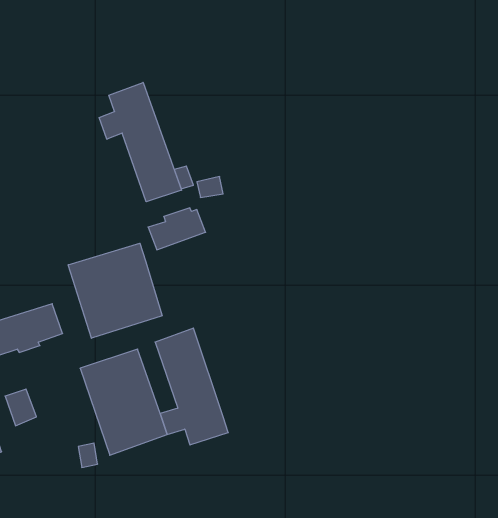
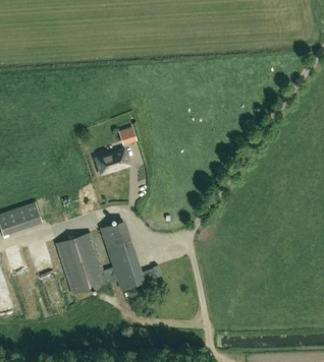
building: [99,82,182,202] -> none
building: [68,243,162,338] -> none

